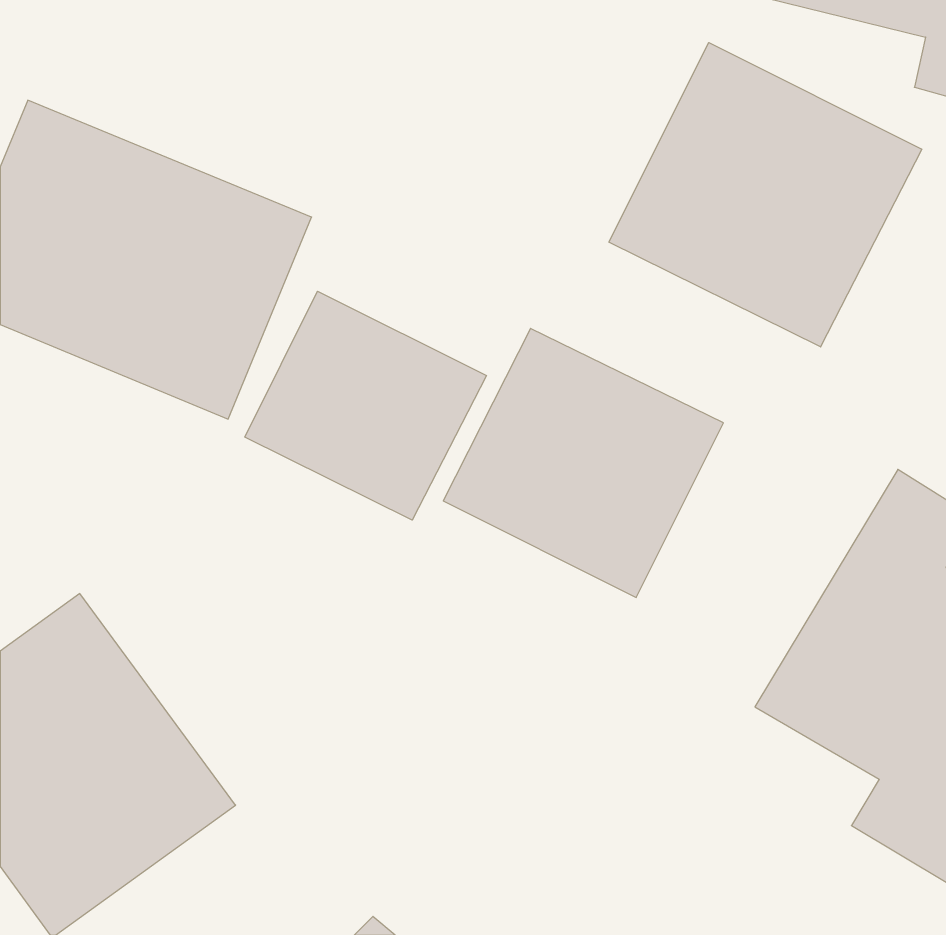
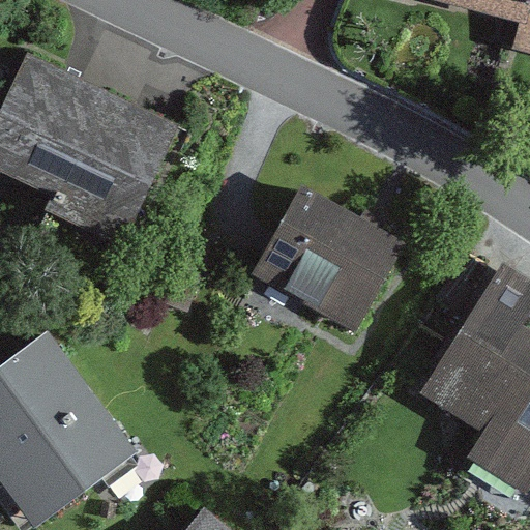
building: [609,43,922,347] -> none
building: [245,291,486,520] -> none

